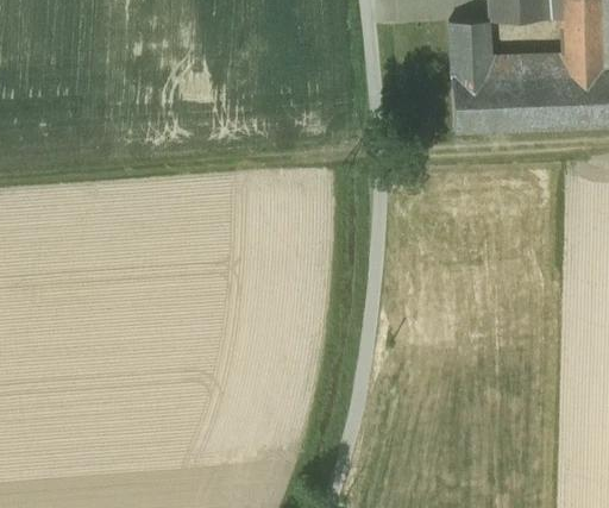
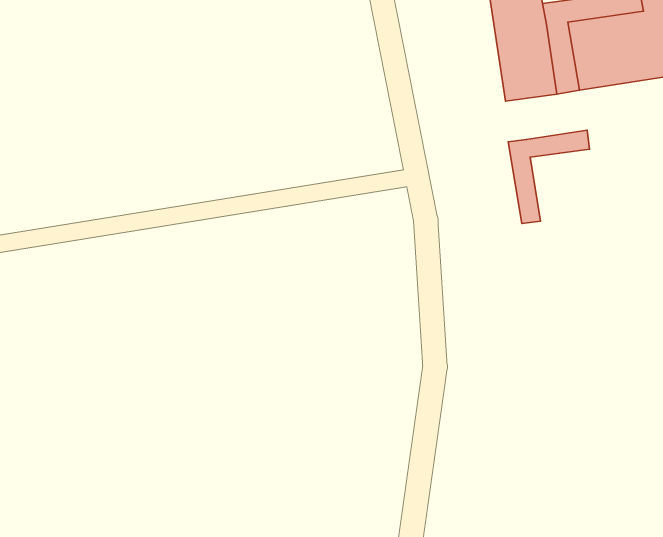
building: none -> [508,130,590,224]

